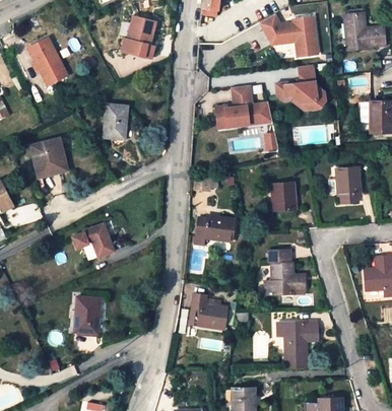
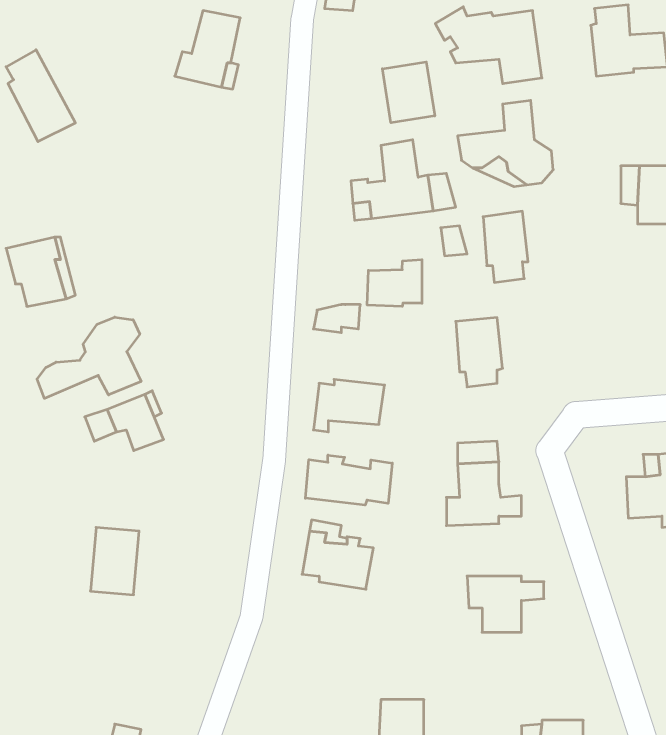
building: none -> [382,62,435,123]
building: [103,104,127,139] -> none
building: none -> [367,260,422,306]
building: [337,165,362,204] -> [483,211,528,282]
building: none -> [37,317,141,398]
building: none -> [305,455,392,505]
building: [286,352,309,370] -> none

